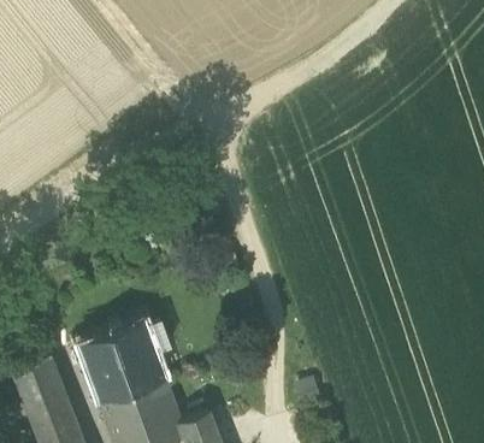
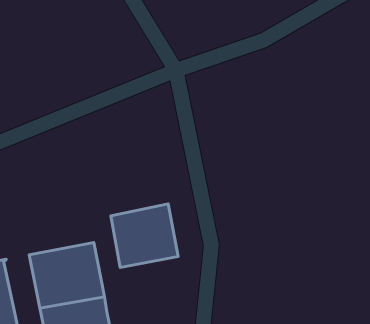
building: none -> [111,204,178,267]

